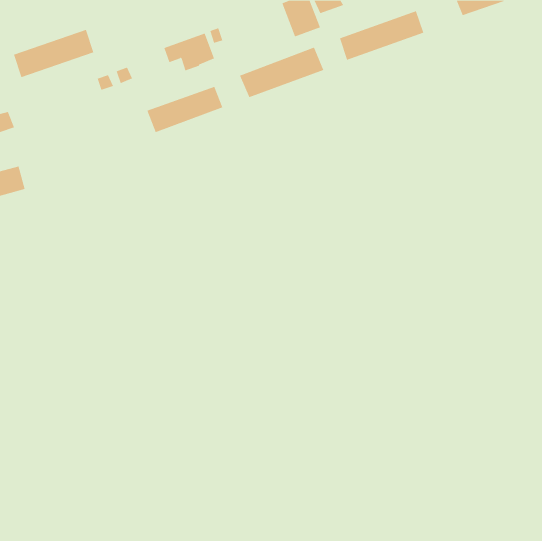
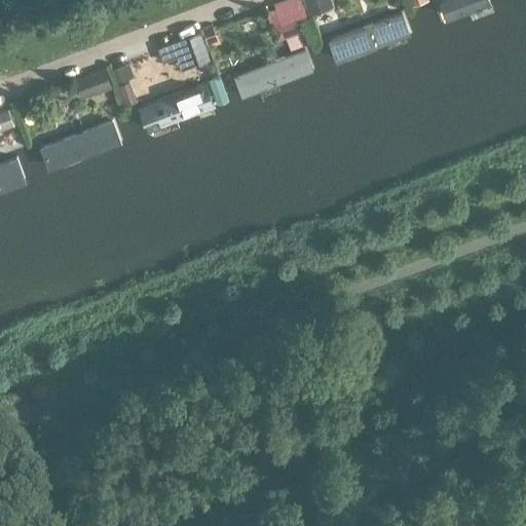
building: [13,29,94,78] -> [42,123,120,171]

